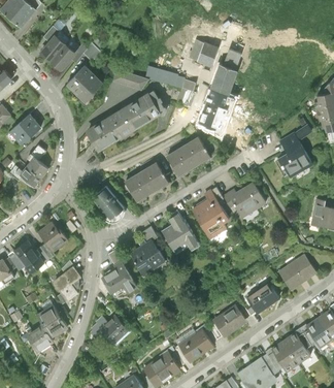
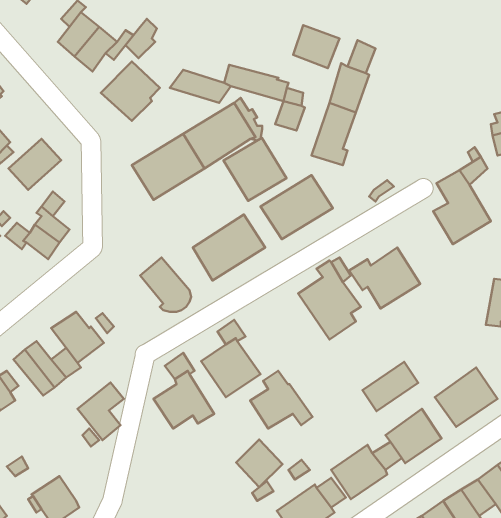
building: none -> [223,138,287,201]
building: [162,212,201,248] -> [250,371,313,429]
building: none -> [362,362,418,411]
building: [37,305,68,340] -> none
building: [101,314,130,344] -> [236,439,282,487]

